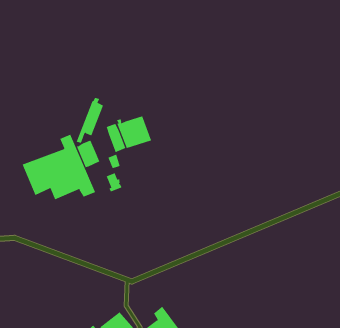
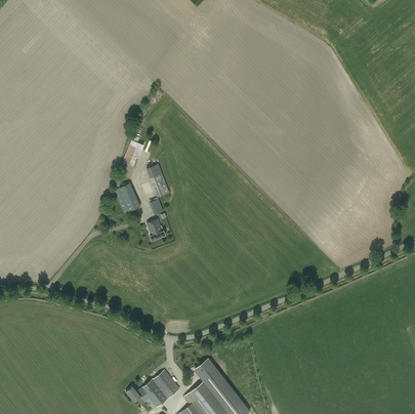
building: [116,116,152,149] -> none
building: [22,134,96,200] -> none

